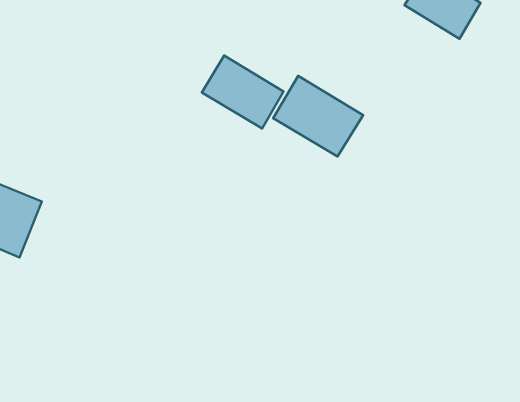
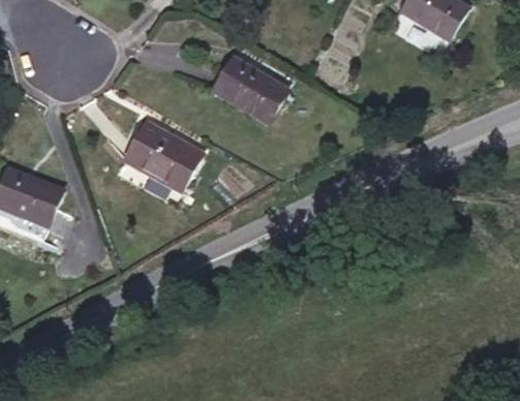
building: [273,76,363,156] -> none
building: none -> [123,120,203,188]

